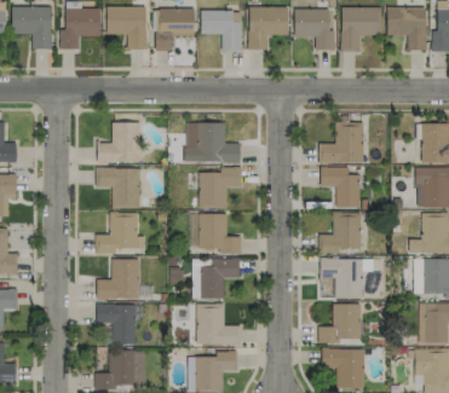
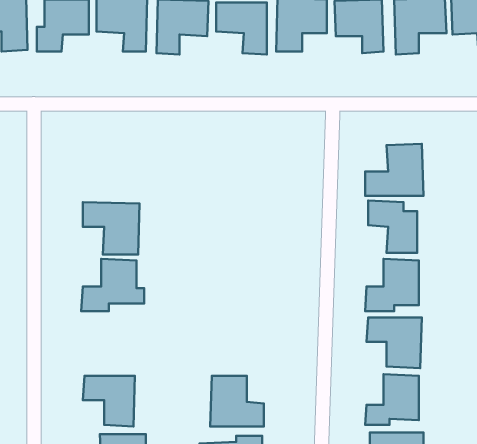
building: [97,122,140,163] -> none
building: [185,123,241,163] -> none
building: [200,168,241,208] -> none
building: [200,214,242,252] -> none
building: [96,259,140,300] -> none
building: [192,259,240,300] -> none

